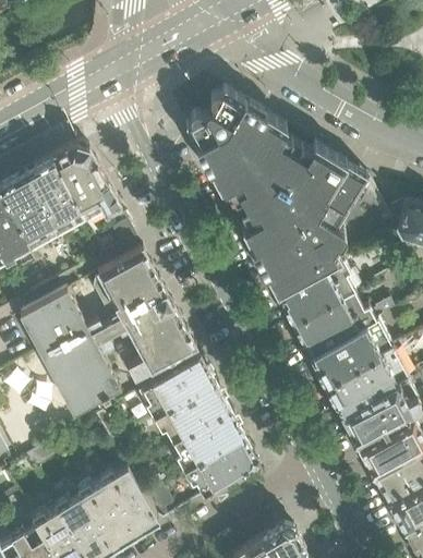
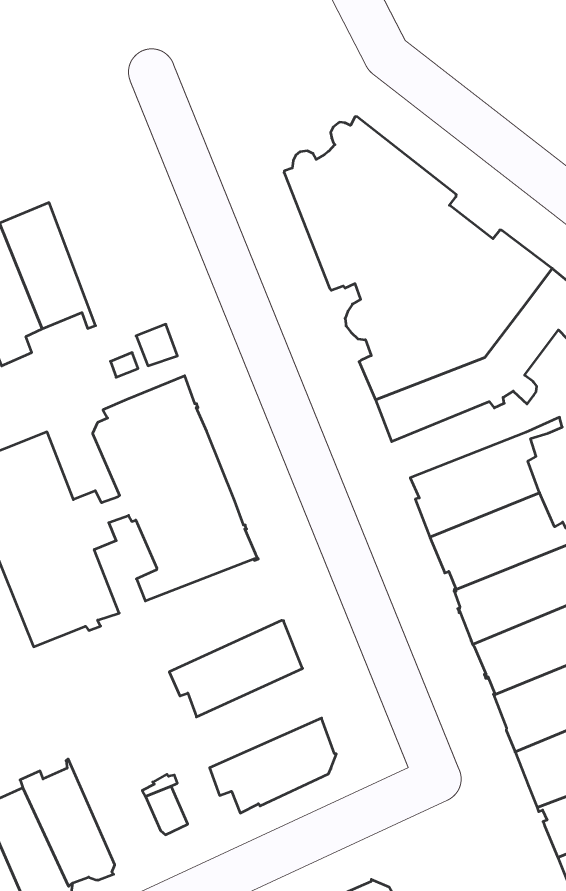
building: [52,144,125,227] -> none
building: [265,235,341,293] -> none
building: [142,355,214,420] -> none
building: [171,409,243,472] -> none
building: [89,456,158,534] -> none

